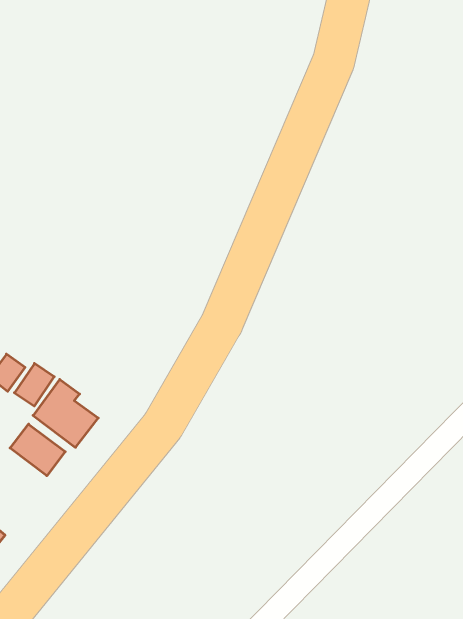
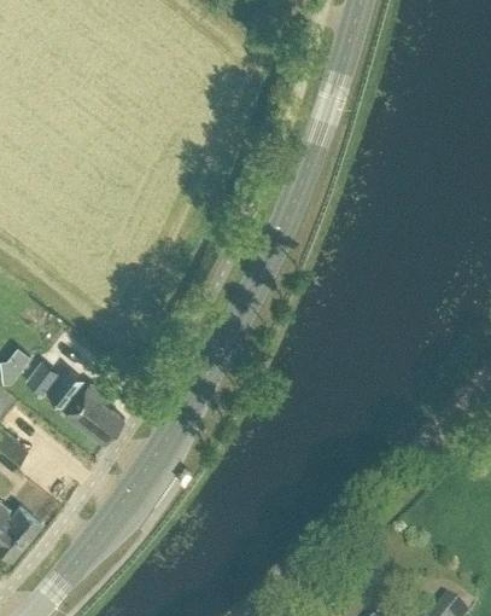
building: [10,424,65,476] -> none

